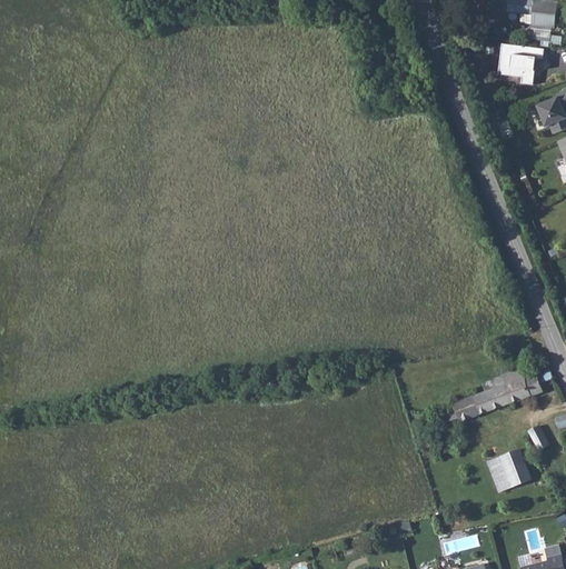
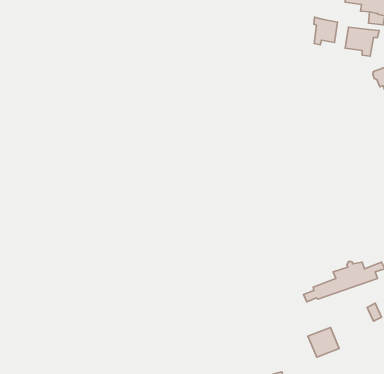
building: none -> [314,17,337,45]
building: [488,449,532,490] -> [308,327,339,357]

